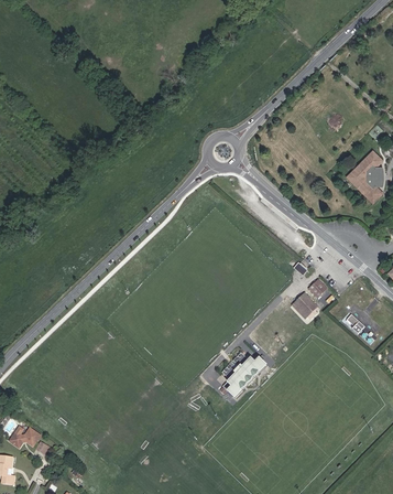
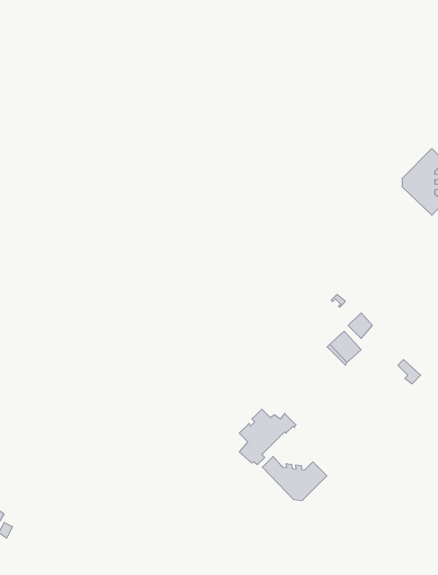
building: none -> [262,456,327,501]

